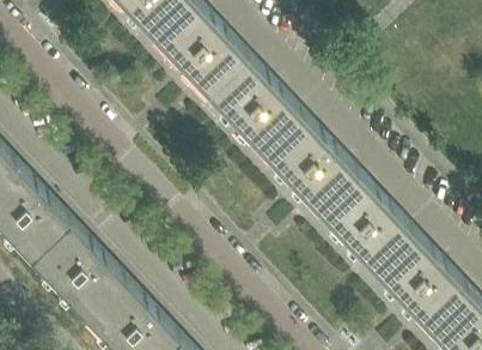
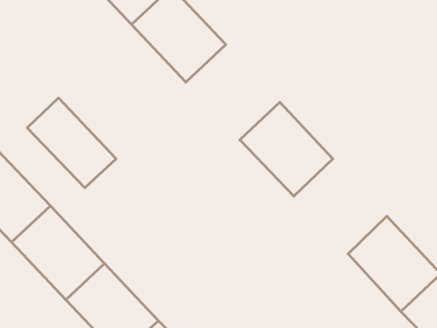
building: [203,52,299,149] -> none
building: none -> [27,98,116,188]
building: [313,168,408,265] -> none

